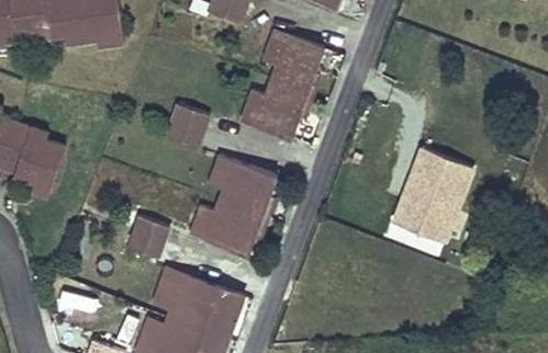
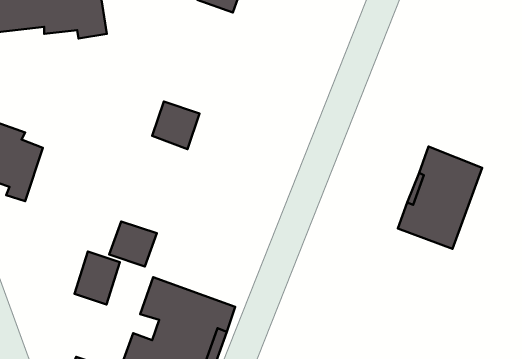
building: [238,29,323,140] -> none
building: [190,155,276,254] -> none
building: none -> [75,252,120,304]

